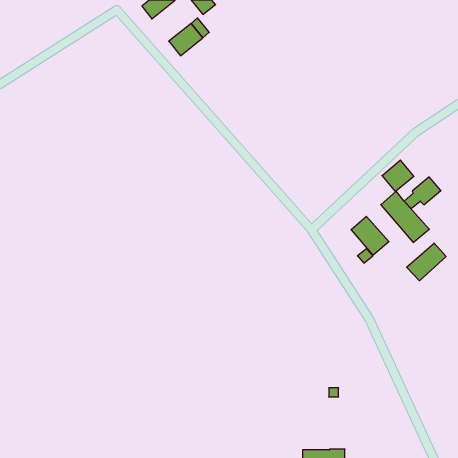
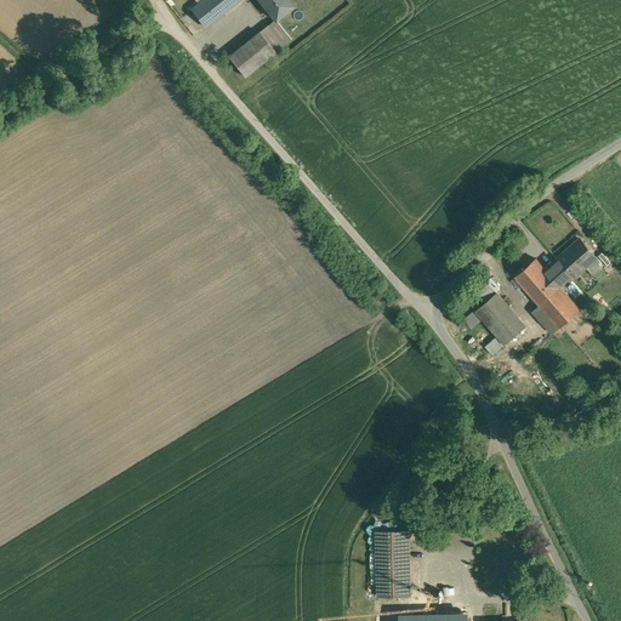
building: [382,160,414,192] -> none
building: [407,243,446,281] -> none
building: none -> [371,519,409,598]

